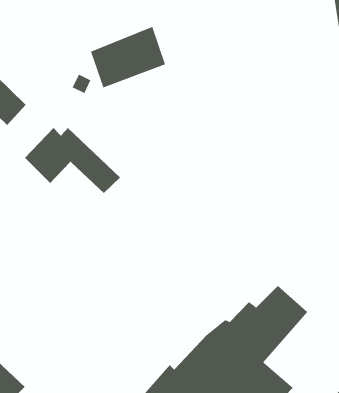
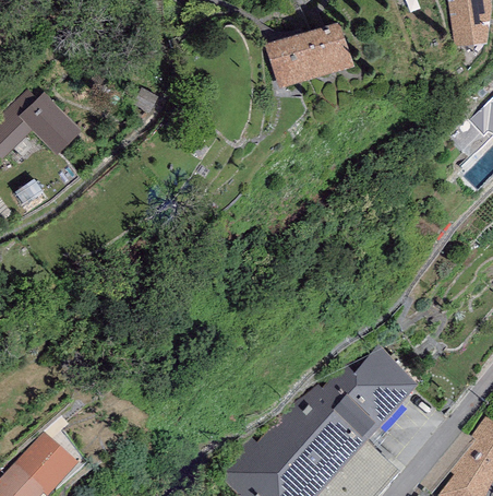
building: [90,26,166,88] -> [264,15,354,90]
building: [24,127,121,194] -> none

